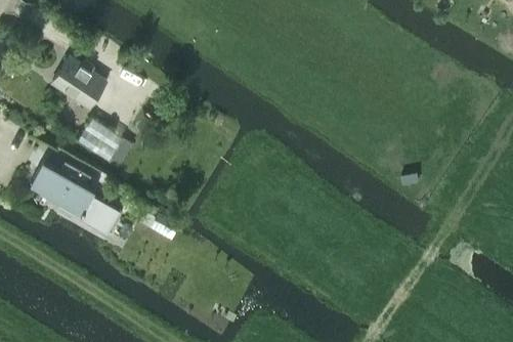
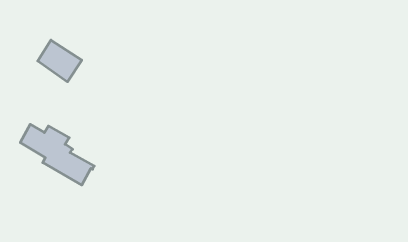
building: [77,119,123,165] -> none

